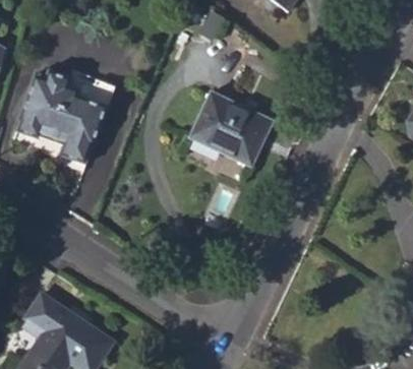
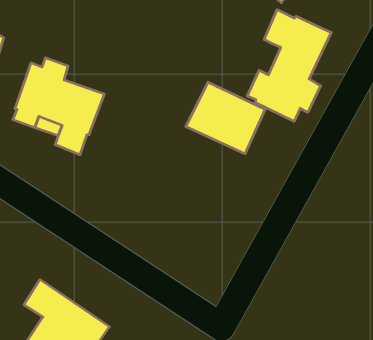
building: none -> [247,10,331,121]
building: [67,75,115,105] -> none

